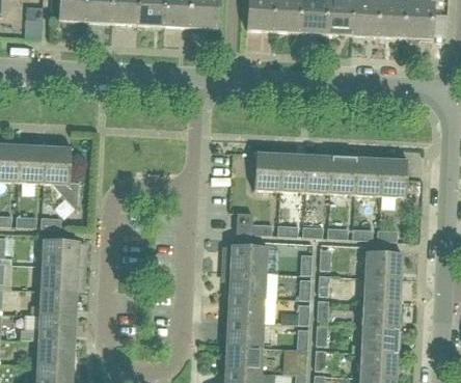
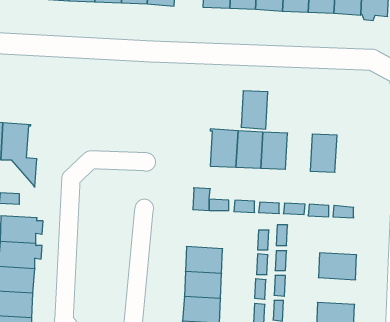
building: [329,157,356,195] -> [241,91,268,129]
building: [379,159,408,197] -> none
building: [223,245,267,273] -> none
building: [363,251,403,279] -> none
building: [361,302,400,329] -> none

